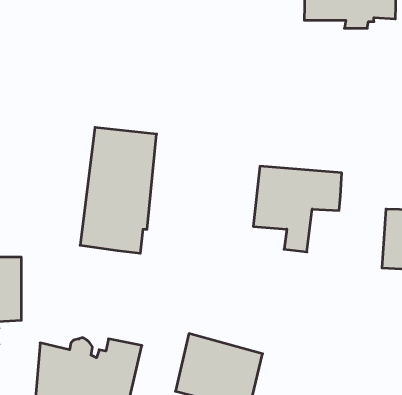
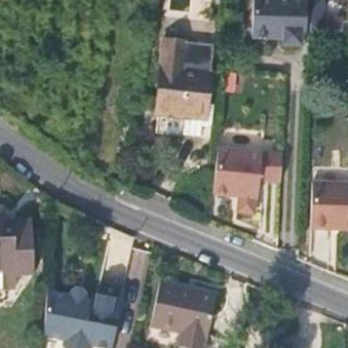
building: [80,127,157,253] -> [154,44,212,141]

